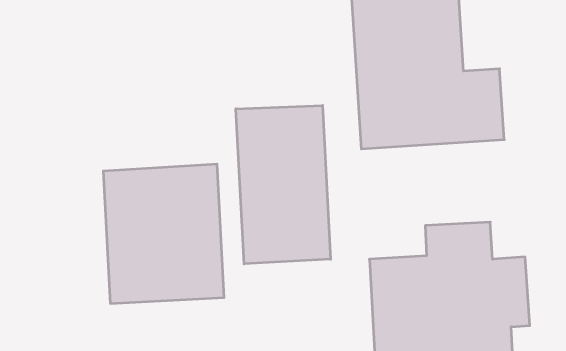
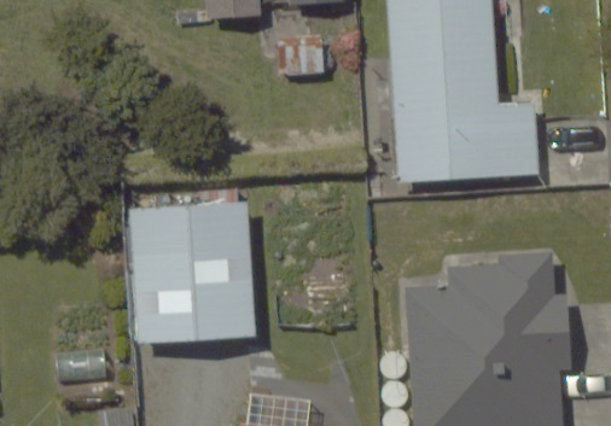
building: [236,105,331,264] -> none

